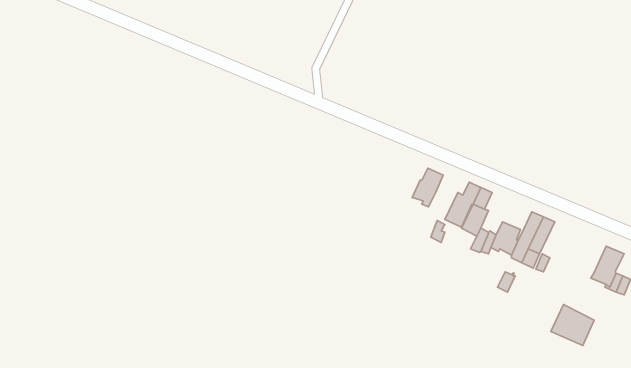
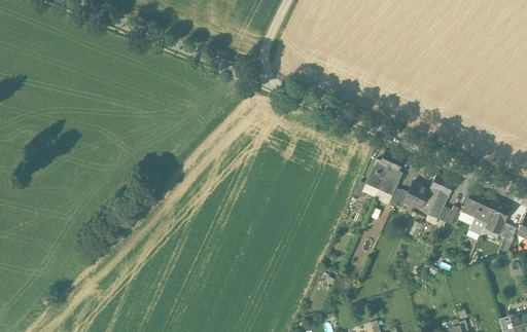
building: [412,168,443,207] -> none
building: [551,305,594,346] -> [461,189,496,222]

